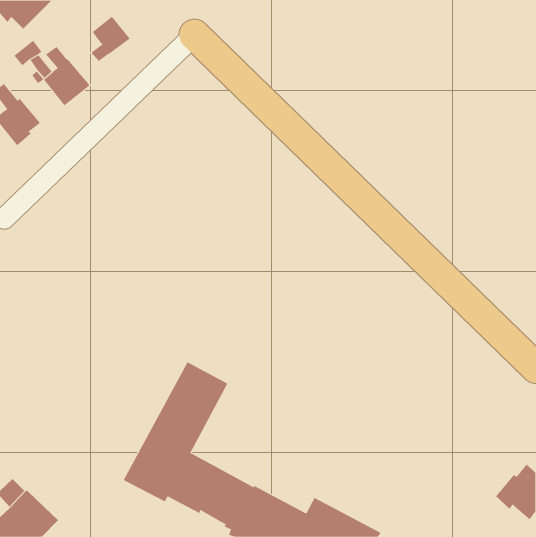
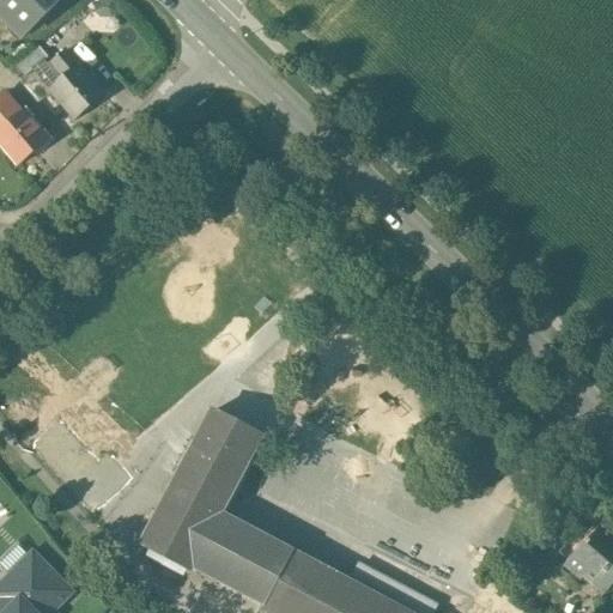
building: [91,16,130,62] -> none

